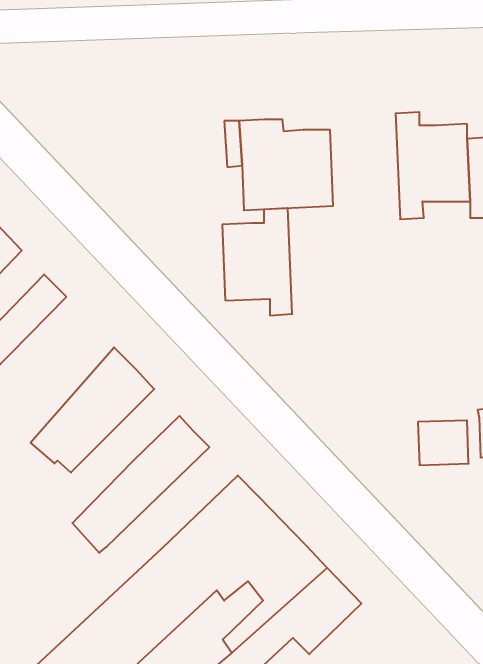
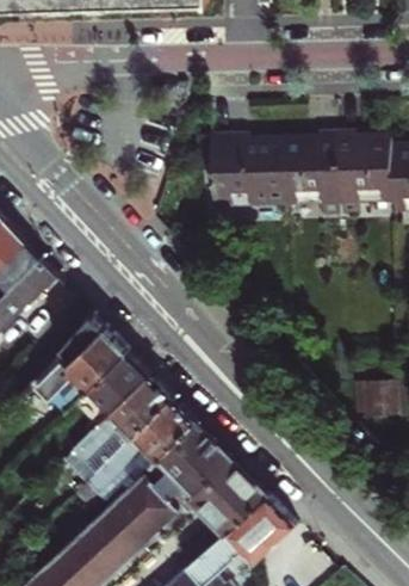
building: [222,208,292,315] -> [269,132,326,218]
building: none -> [92,353,149,411]
building: none -> [81,400,196,498]

